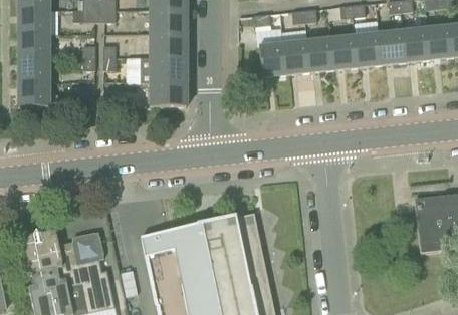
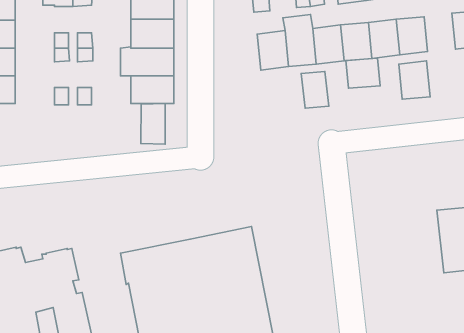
building: [405,27,432,60] -> [399,61,430,99]
building: none -> [346,58,380,88]
building: none -> [301,71,329,108]
building: none -> [141,104,165,144]

